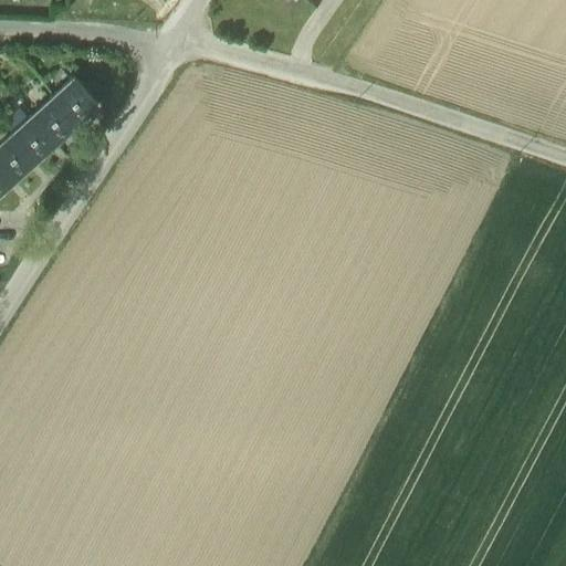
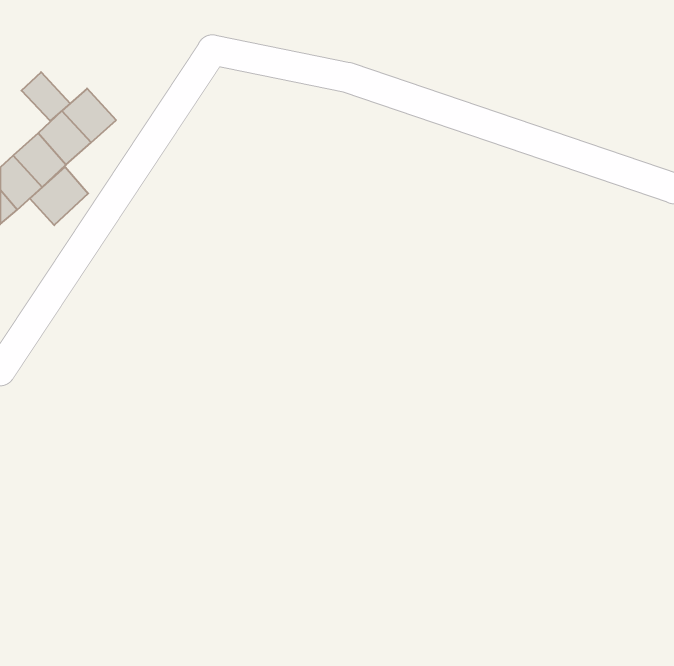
building: none -> [21,72,70,121]
building: none -> [30,167,88,225]

